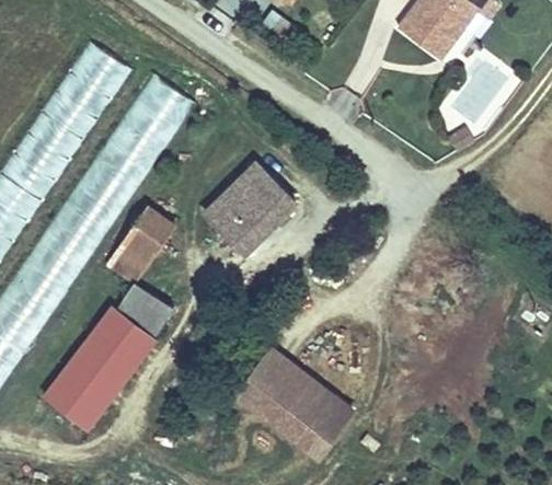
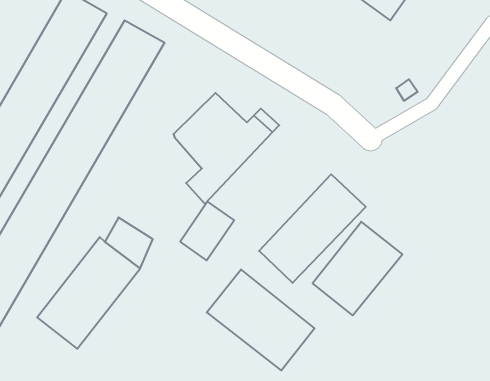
building: [116,206,176,272] -> [180,202,234,260]
building: none -> [259,174,366,283]
building: none -> [313,222,402,315]

